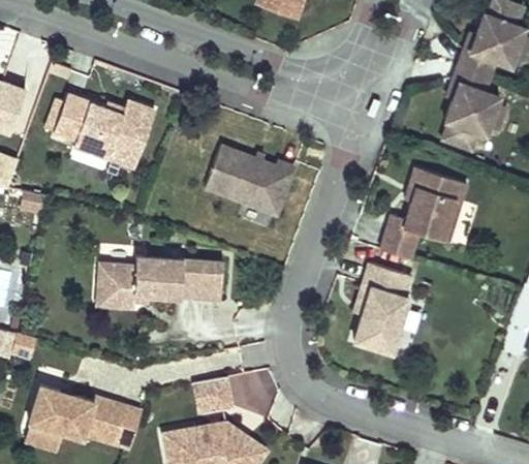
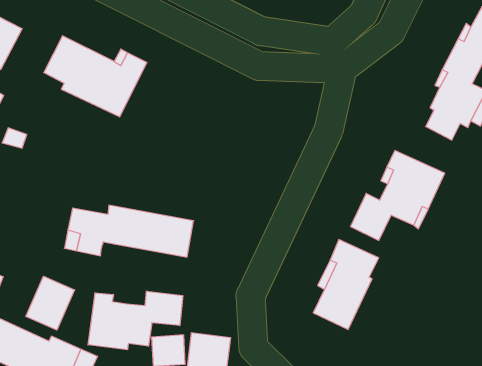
building: [206,147,294,215] -> none
building: none -> [26,276,75,330]
building: none -> [88,291,183,350]

